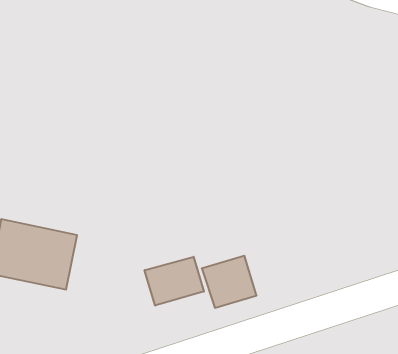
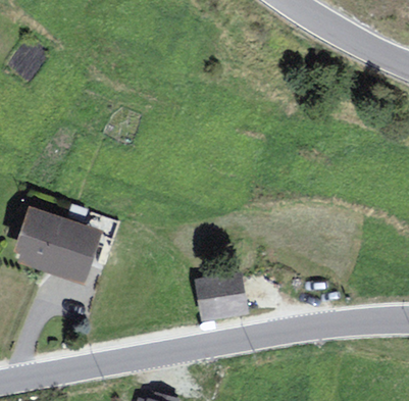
building: [145,257,204,306] -> none

